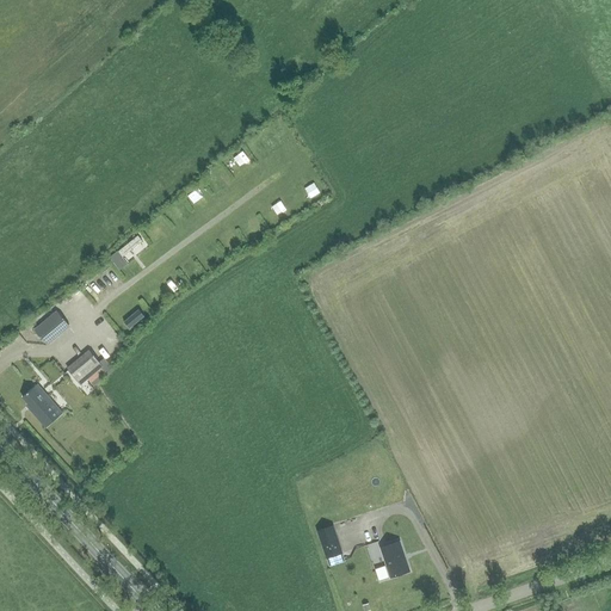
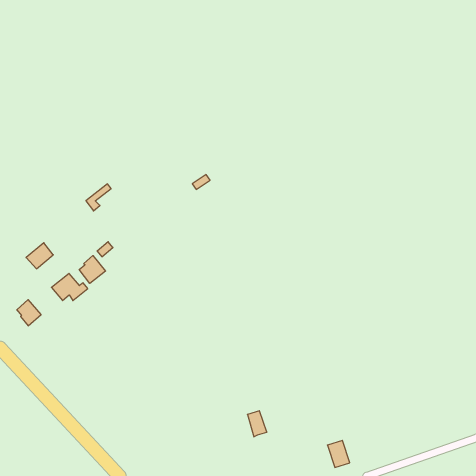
building: none -> [79,256,106,283]
building: [381,542,409,576] -> [327,440,350,467]

